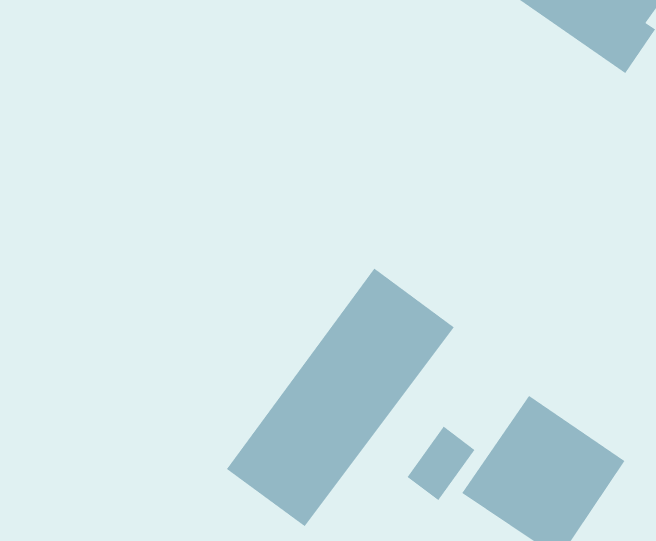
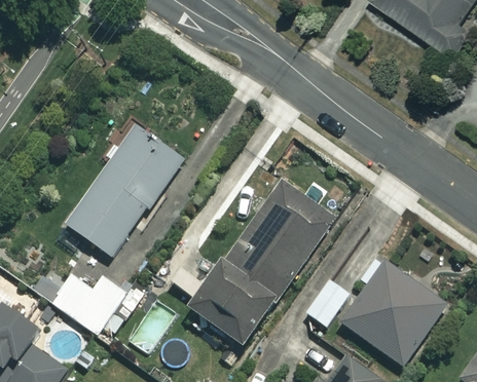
building: none -> [65,125,182,256]
building: none -> [51,274,127,335]

